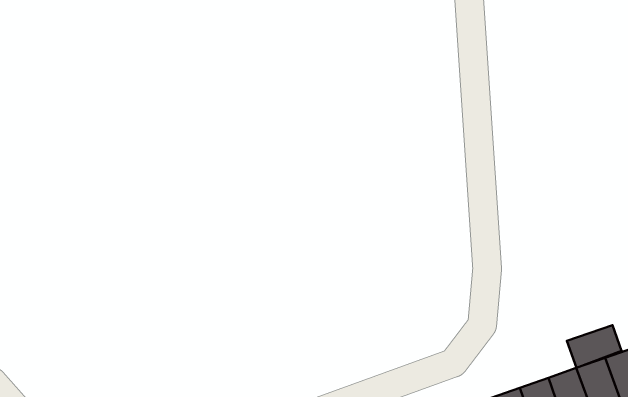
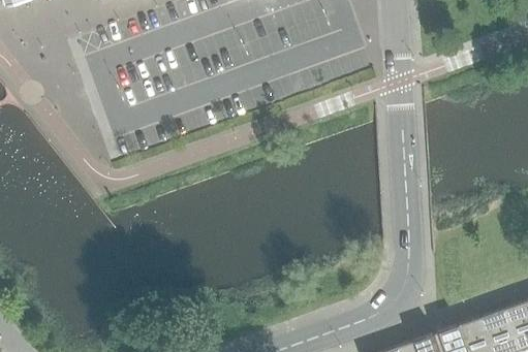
building: [567,325,622,368] -> none

